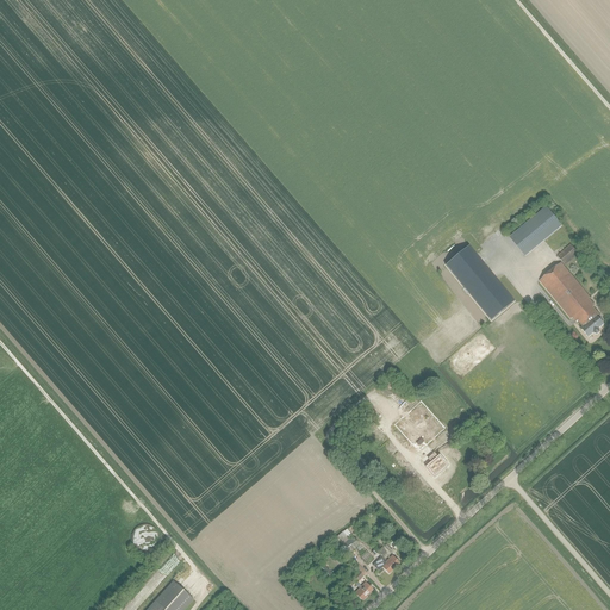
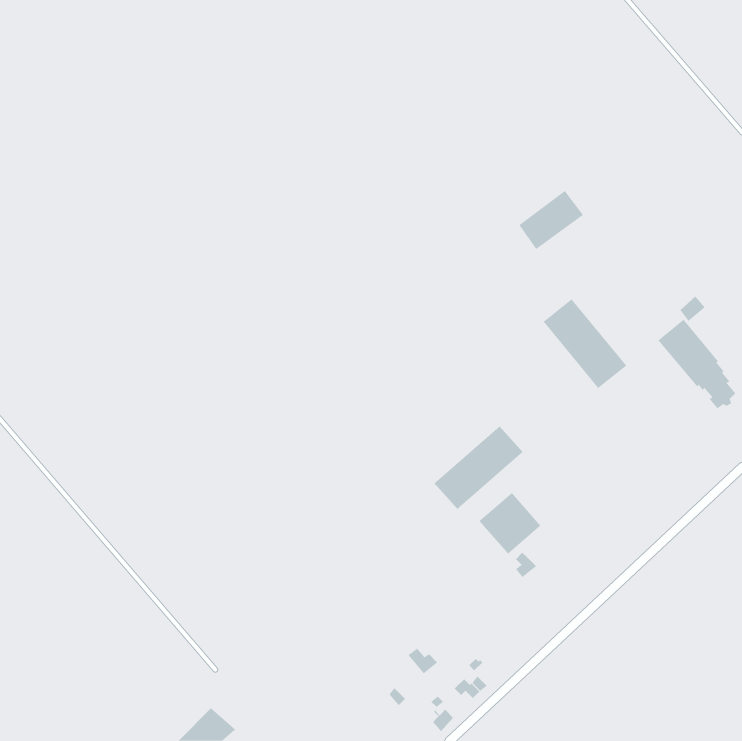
building: [508,205,561,254] -> [518,190,584,250]
building: none -> [434,426,524,510]

